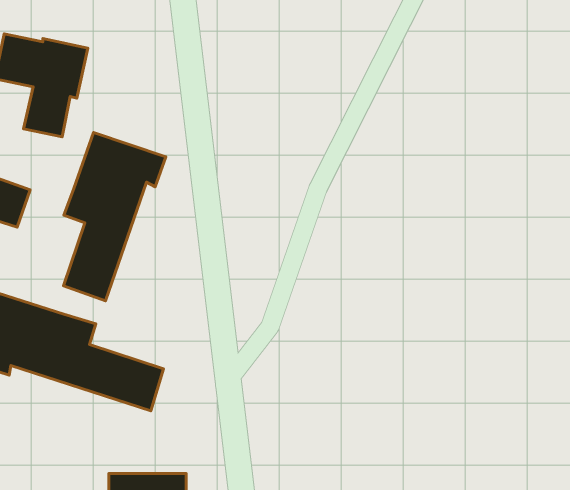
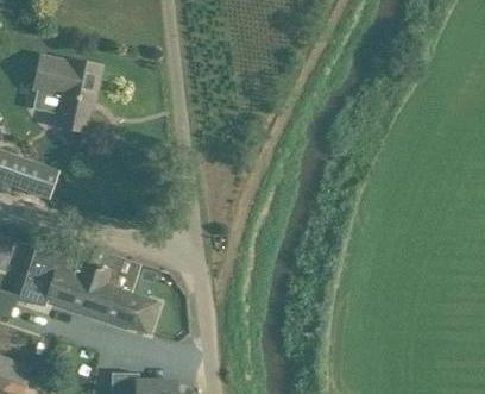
building: [63,133,166,301] -> none

